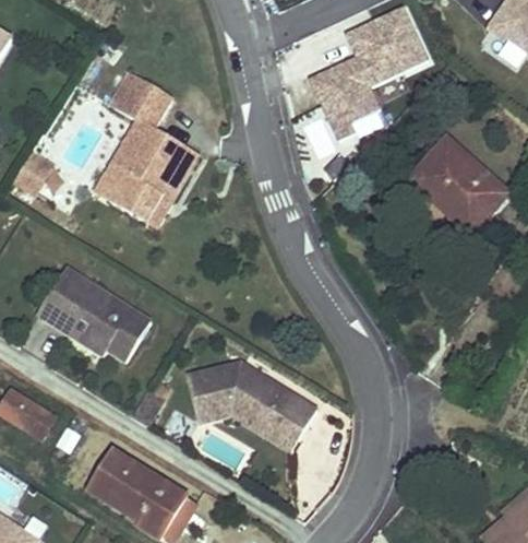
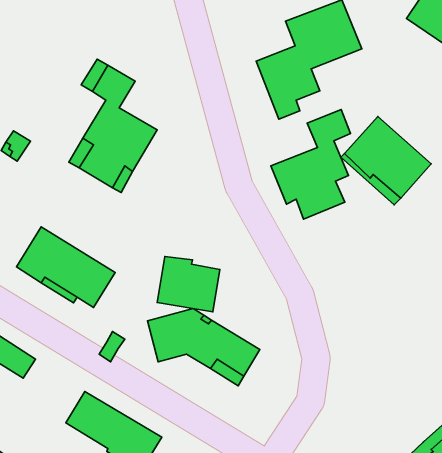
building: none -> [271,109,351,219]
building: none -> [157,256,220,312]

